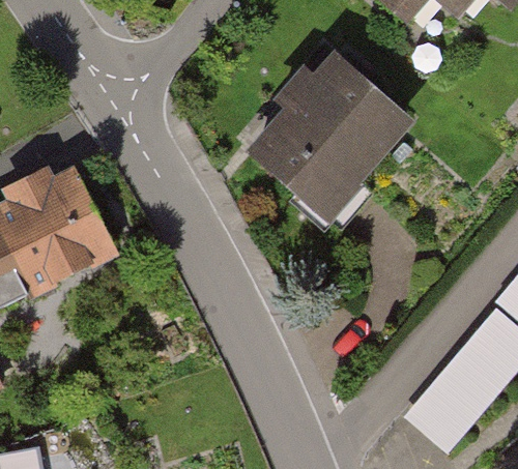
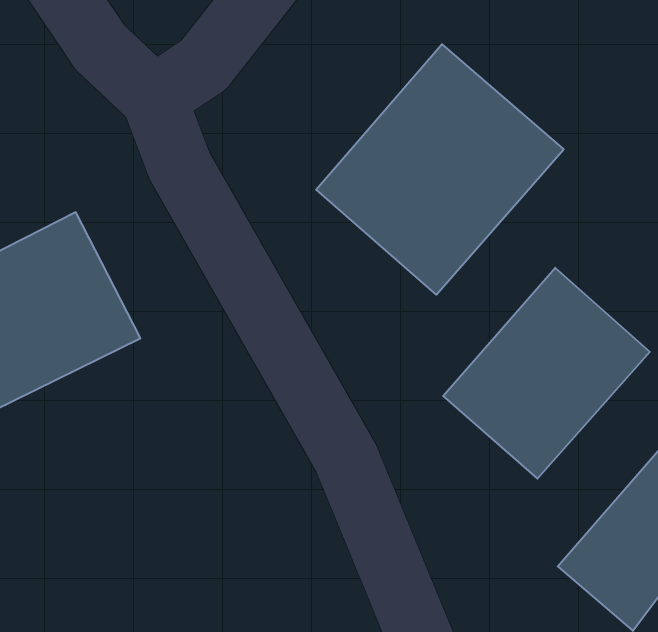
building: none -> [443,268,650,479]

